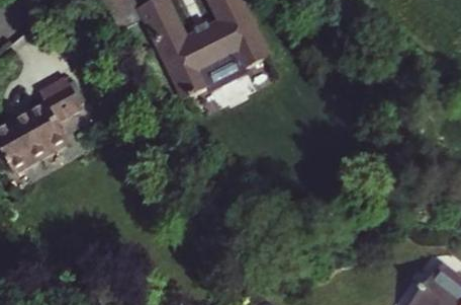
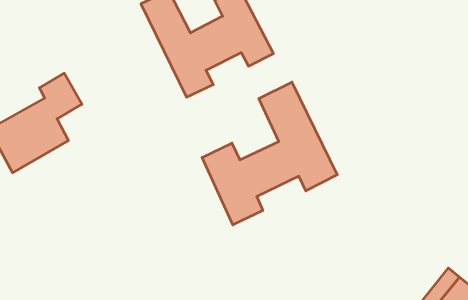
building: none -> [202,82,337,225]

